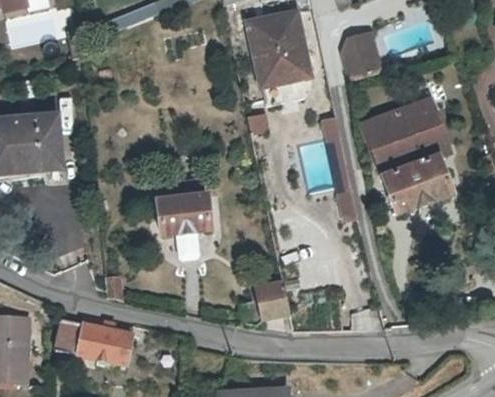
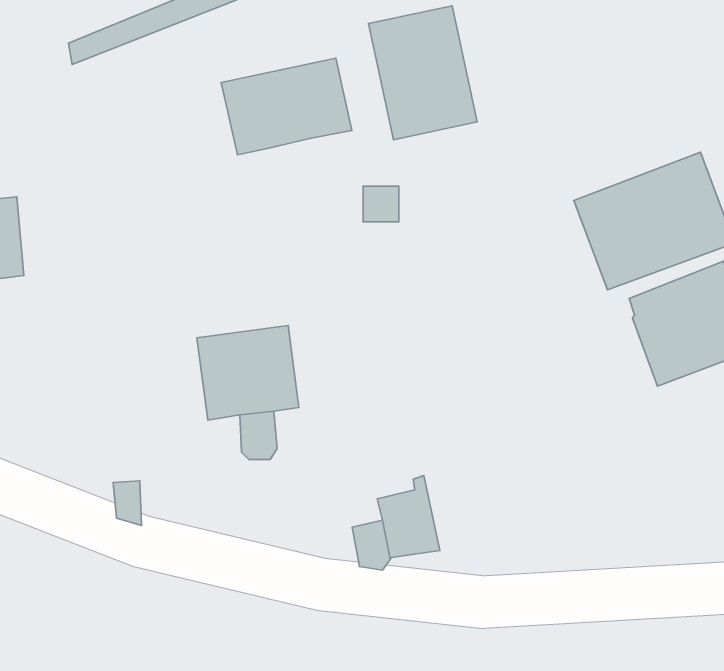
building: [346,31,383,76] -> none
building: none -> [221,58,352,155]
building: [56,322,134,369] -> none

